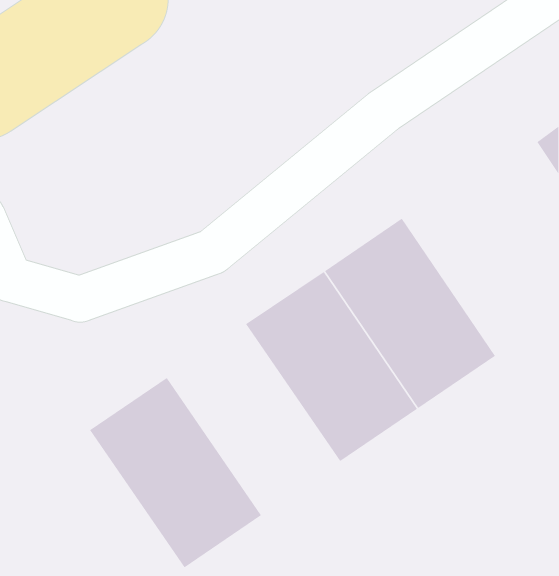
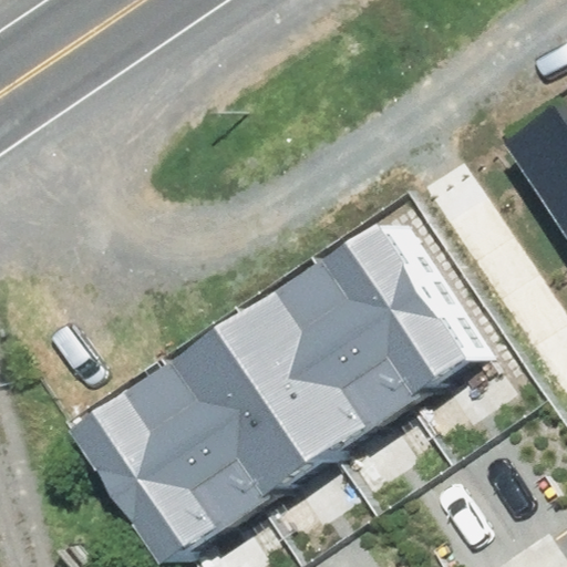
building: none -> [164,318,333,505]

